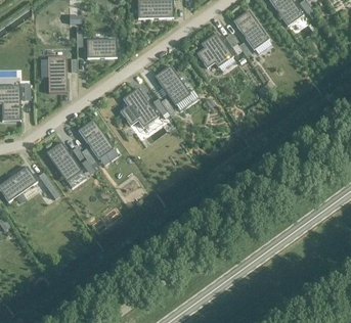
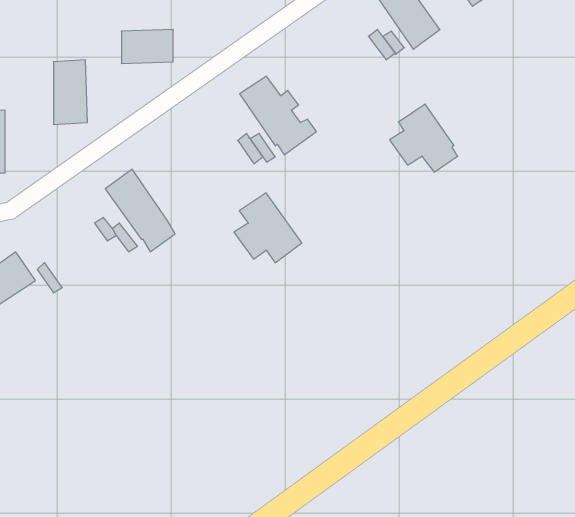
building: [195,32,234,71] -> [390,104,458,172]
building: [119,87,158,127] -> [234,193,302,263]
building: [45,141,81,181] -> none

